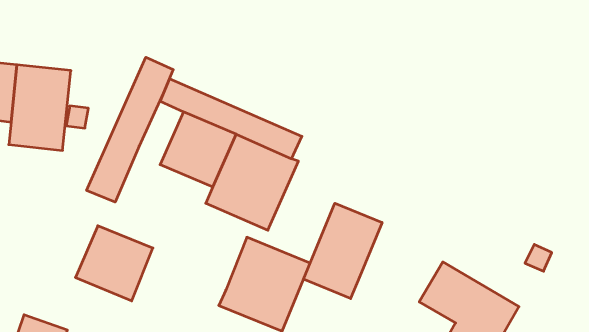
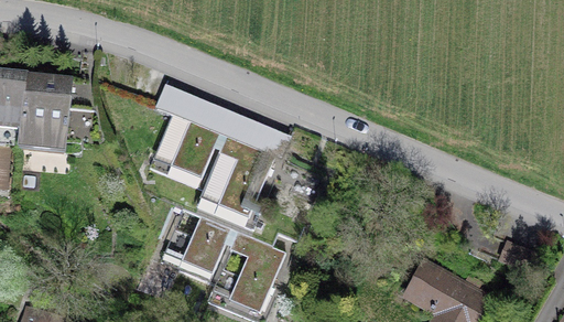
building: [87,57,173,202] -> none
building: [303,203,382,299] -> none
building: [75,226,153,301] -> [164,211,237,281]

